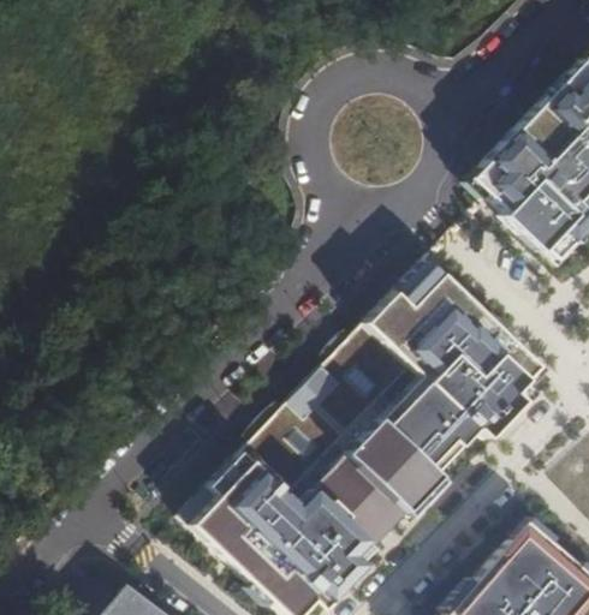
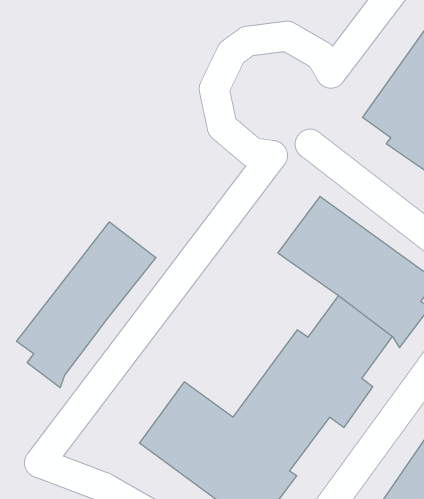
building: none -> [16,222,156,388]
building: [244,320,427,495] -> none

